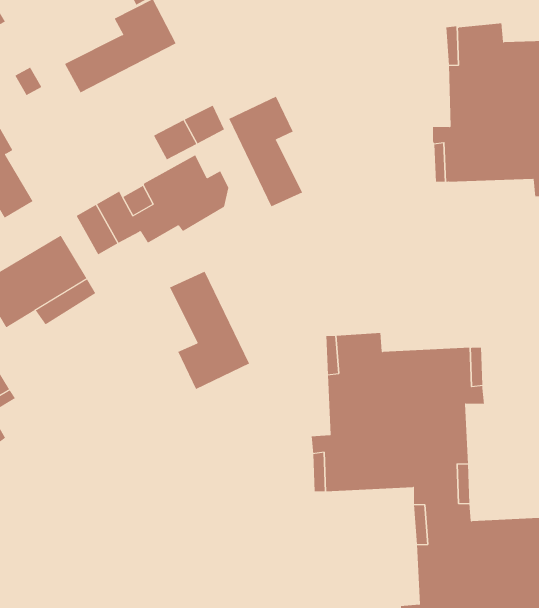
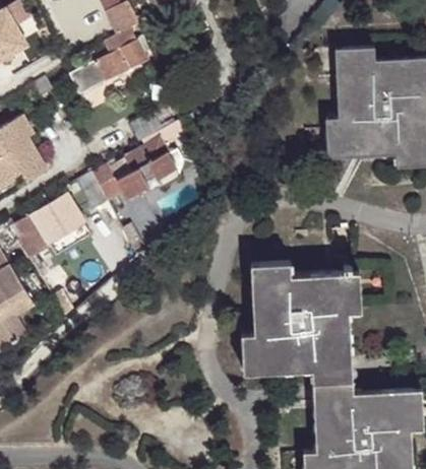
building: [229,96,303,207] -> none
building: [169,271,250,390] -> none

